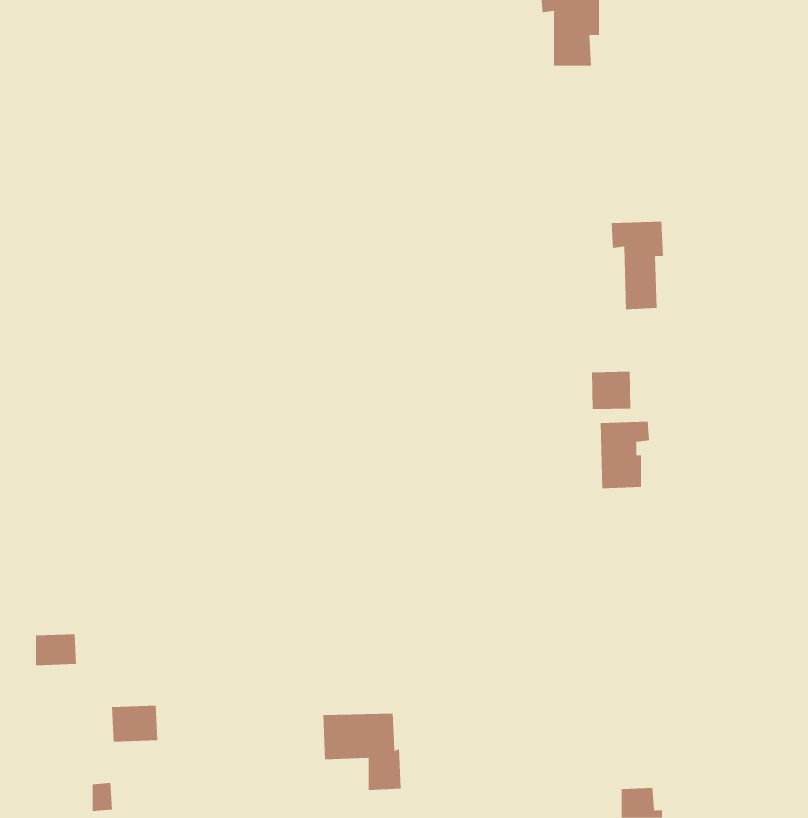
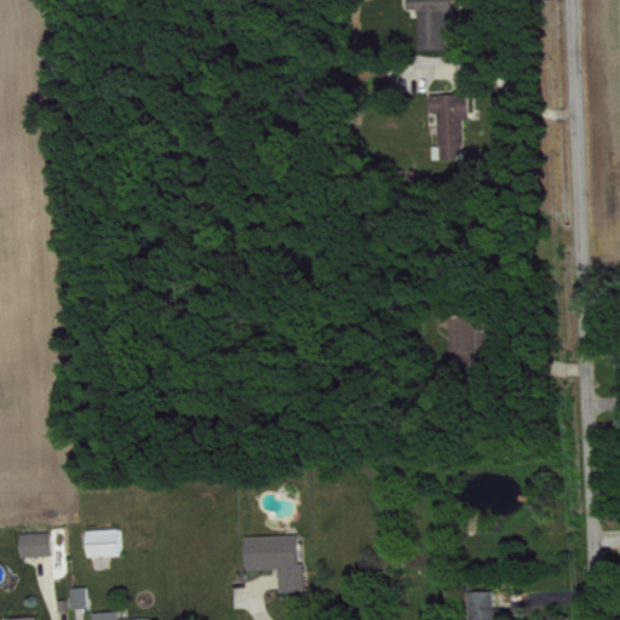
building: [611,221,664,310] -> [426,93,466,160]
building: [591,371,631,410] -> none
building: [35,634,77,666] -> [18,533,50,557]

